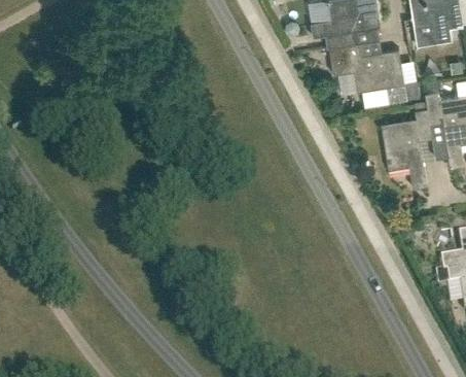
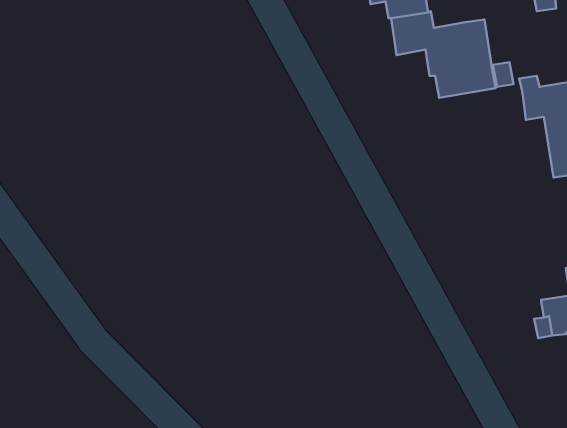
building: [381,102,431,188] -> none

